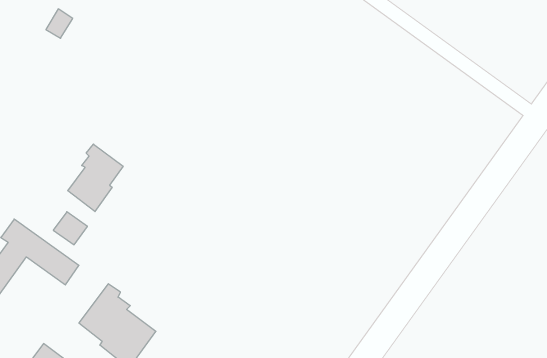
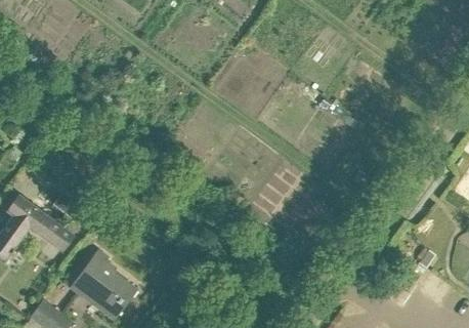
building: [68,144,123,212] -> none

